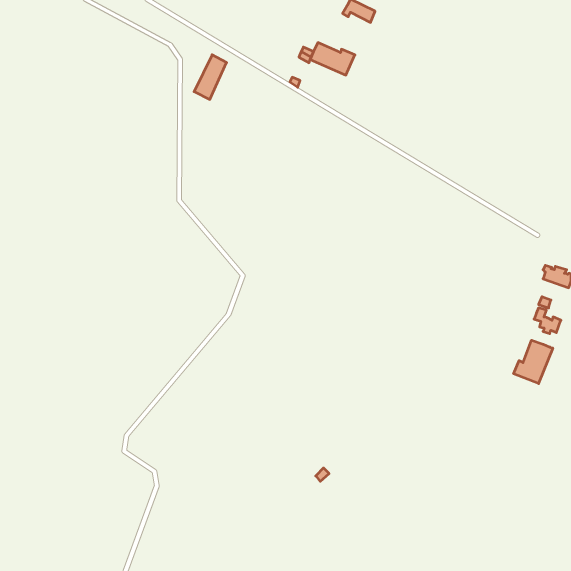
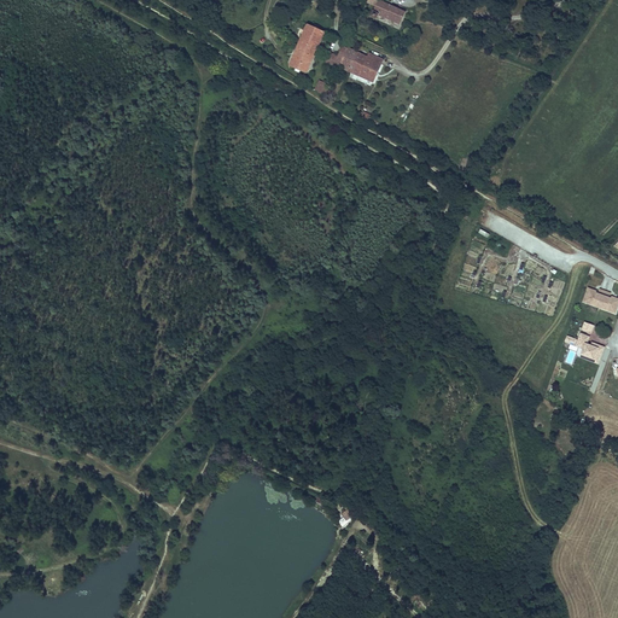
building: [194,55,227,99] -> [288,23,323,71]
building: [514,340,553,384] -> none

